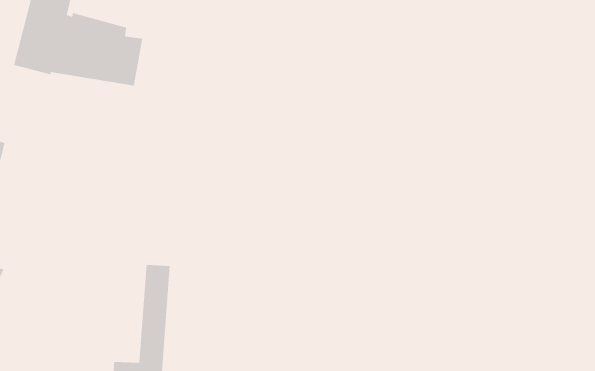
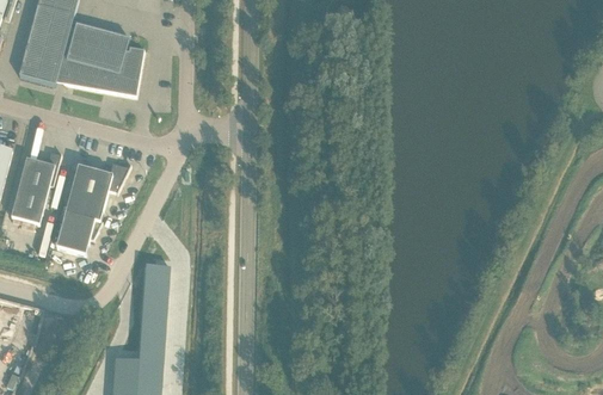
building: none -> [11,152,61,223]
building: none -> [55,162,130,254]

